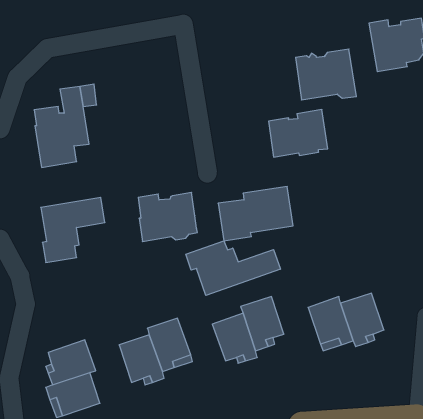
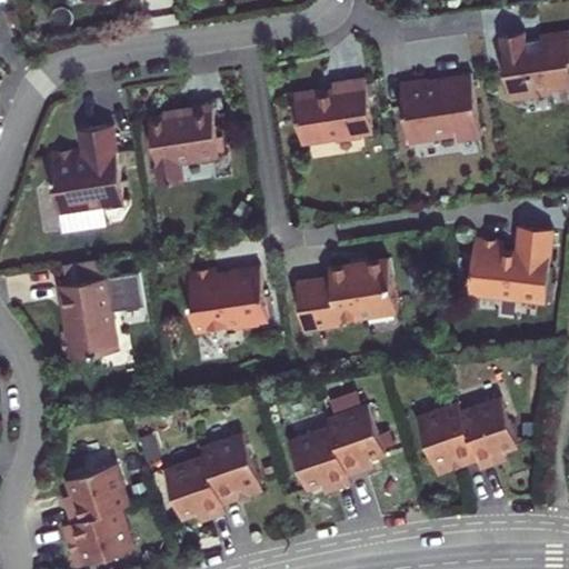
building: none -> [147,103,218,183]
building: [269,110,328,157] -> [292,80,371,143]
building: none -> [465,227,550,305]
building: [186,241,280,295] -> none

